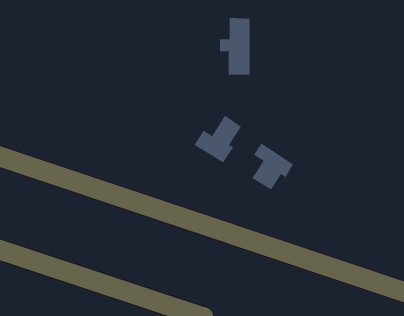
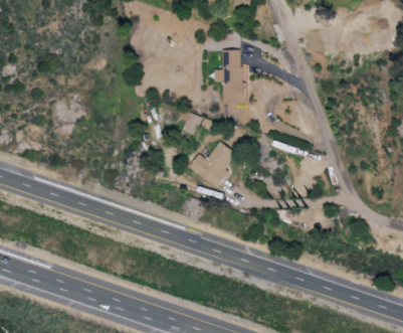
building: [252,142,294,190] -> none

